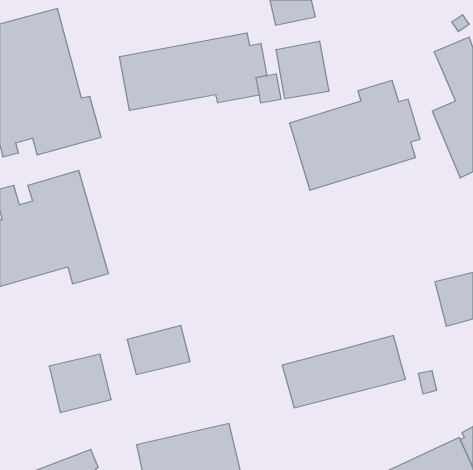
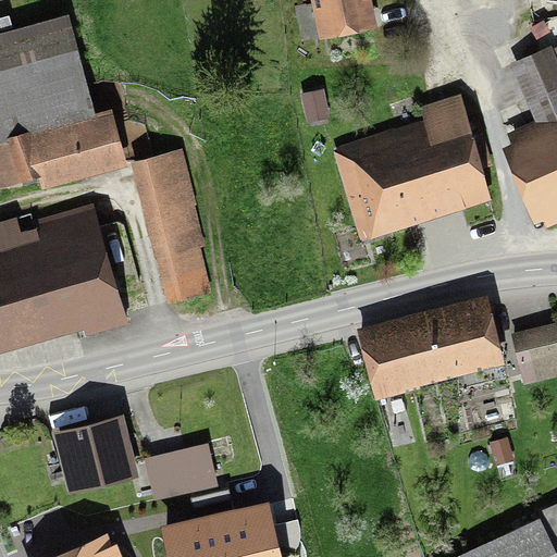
building: [119,33,267,111] -> none
building: [276,41,329,99] -> none
building: none -> [136,156,208,298]
building: [127,325,190,375] -> [144,445,218,503]
building: [282,336,405,408] -> [358,307,503,392]

